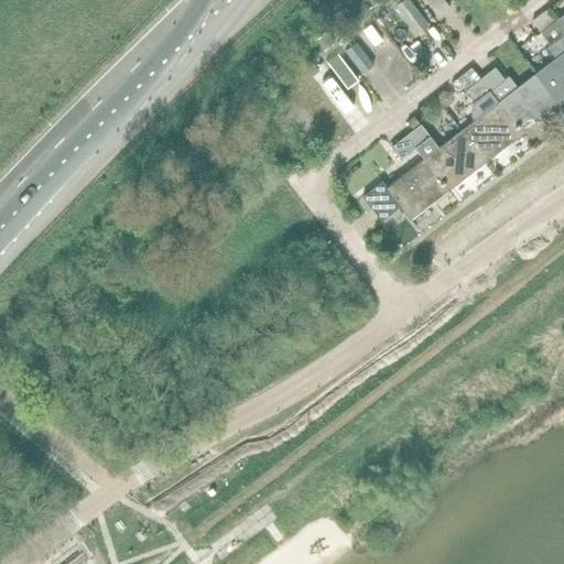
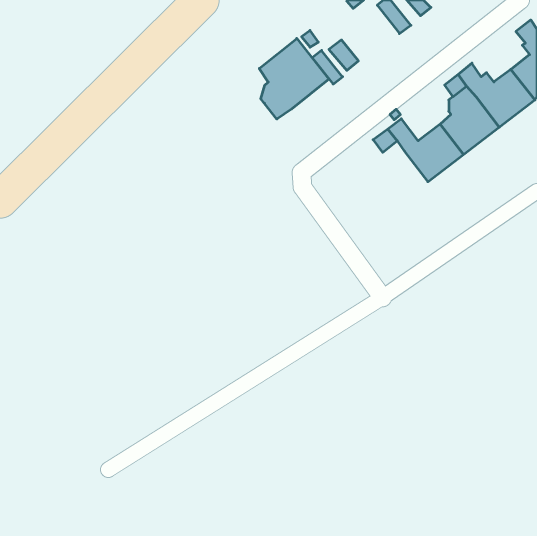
building: none -> [259,38,329,119]
building: [361,160,448,223] -> none

